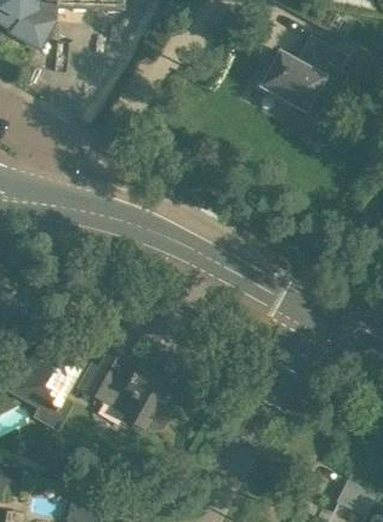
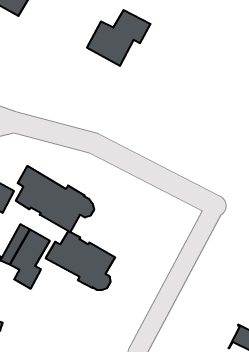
building: [259,34,348,112] -> [87,10,151,66]
building: none -> [16,166,94,232]

